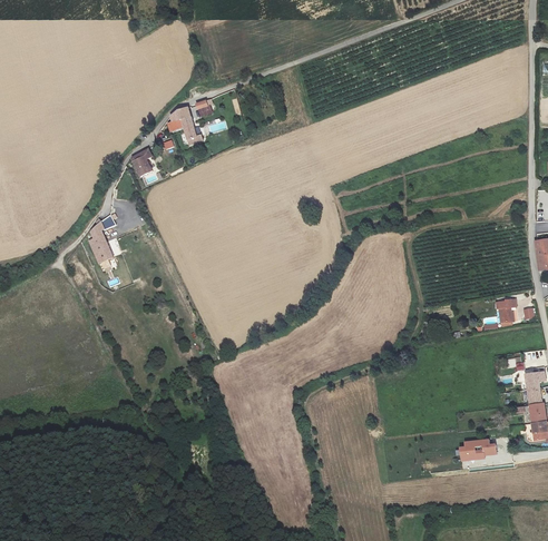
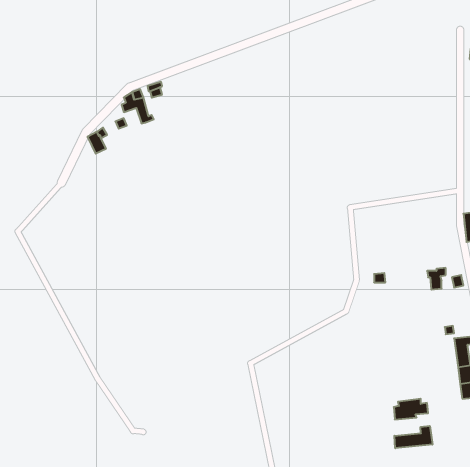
building: [89,219,115,265] -> none
building: none -> [394,426,432,448]

